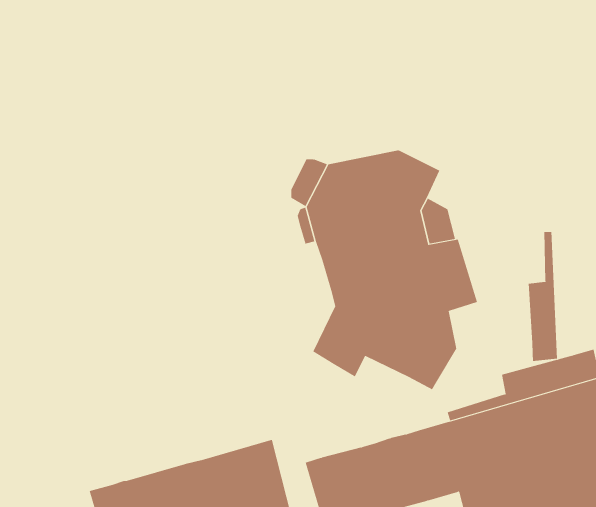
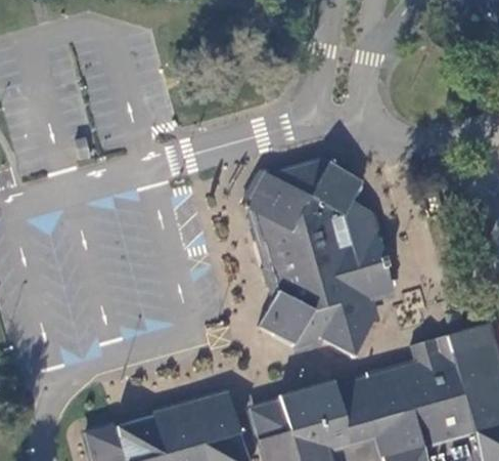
building: [528,231,558,362] -> none

